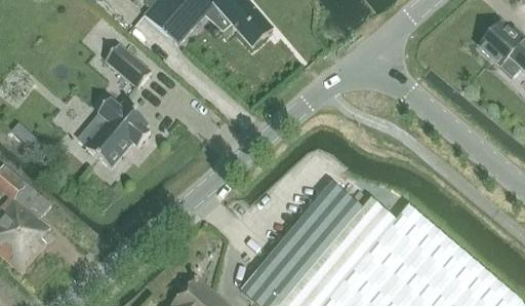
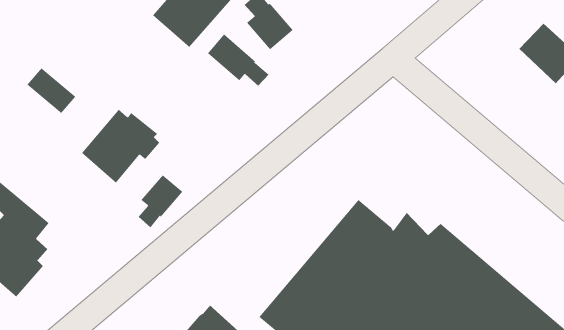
building: none -> [207,33,270,87]
building: [106,44,151,86] -> [27,67,76,114]
building: none -> [138,174,183,228]

